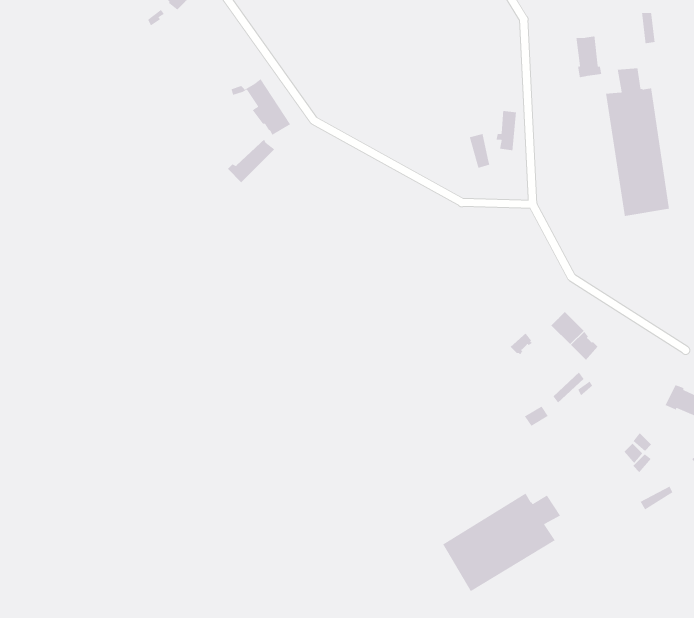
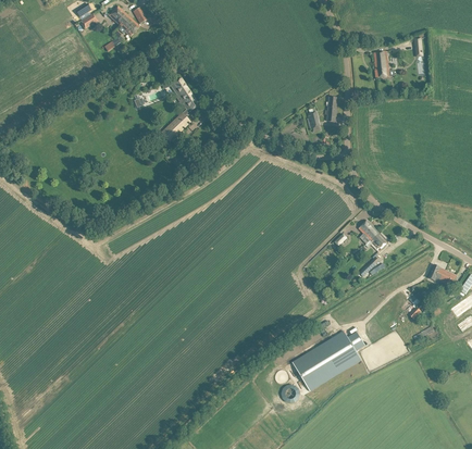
building: [605,67,670,217] -> none

